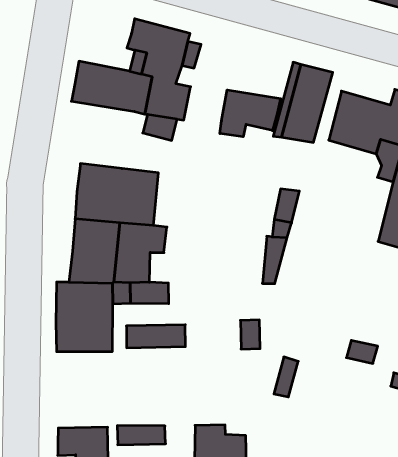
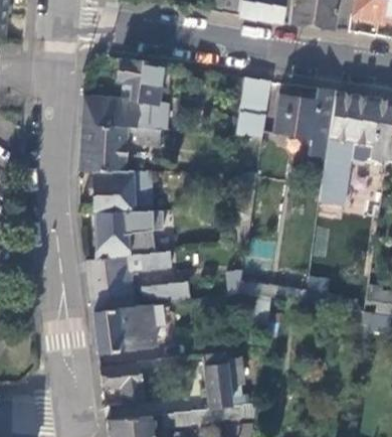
building: [220,90,281,137] -> none
building: none -> [80,125,130,170]
building: none -> [93,303,157,352]

